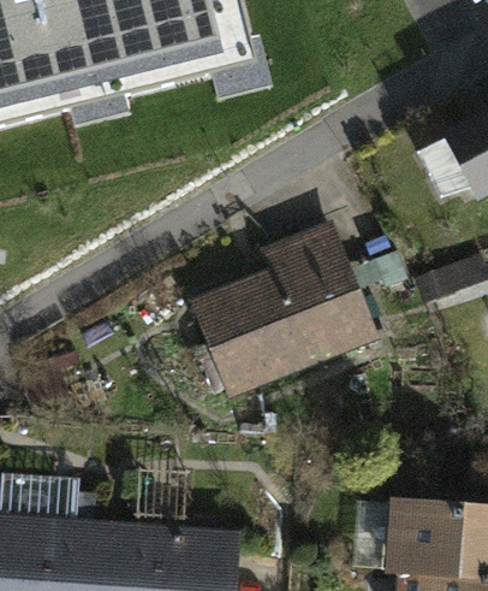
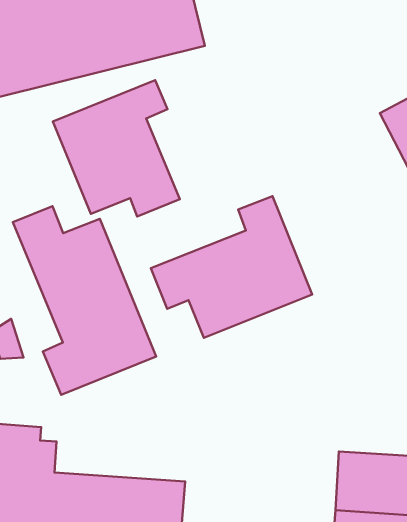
building: none -> [53,80,180,216]
building: none -> [13,206,156,395]

